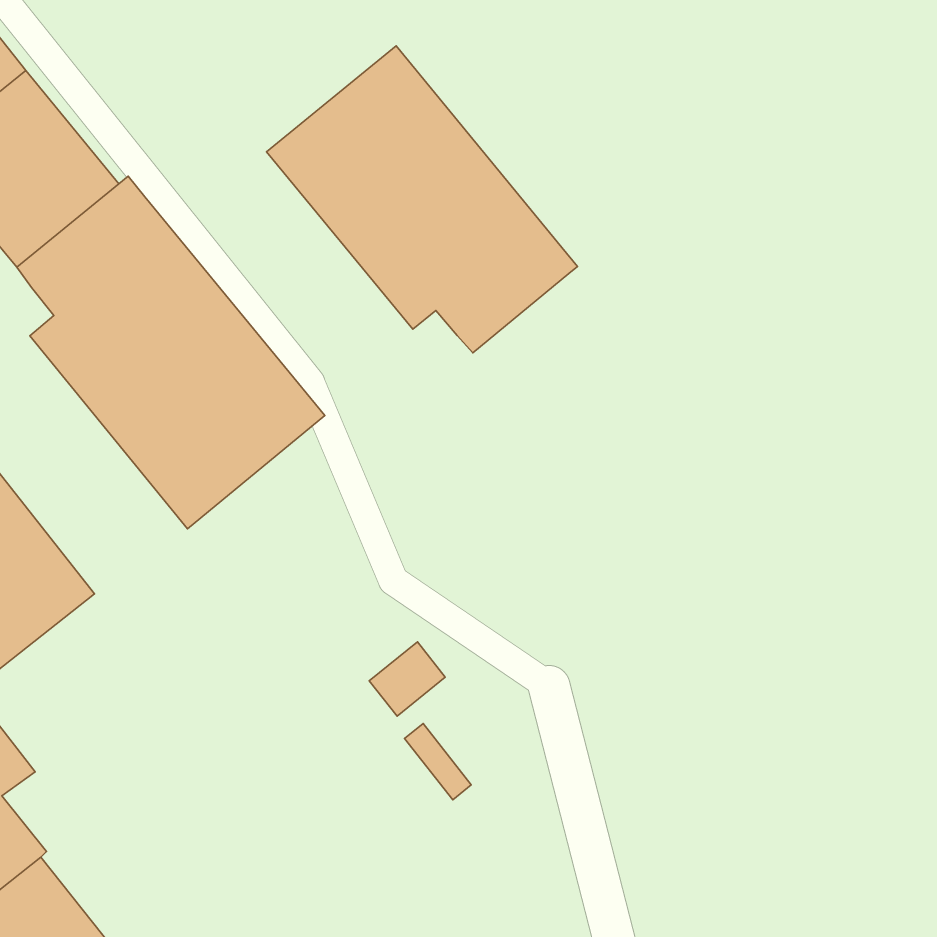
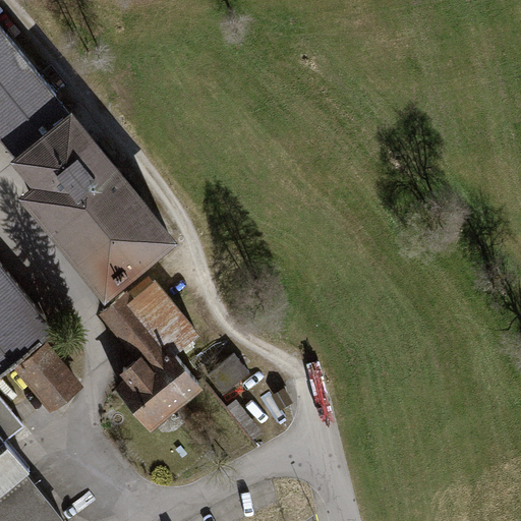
building: [266,46,577,353] -> none
building: none -> [95,279,201,430]
building: none -> [9,345,79,417]

